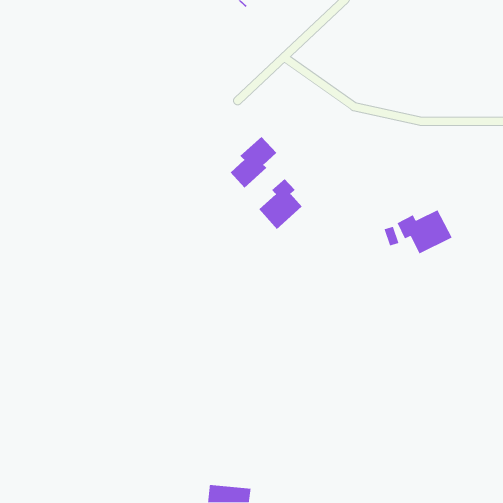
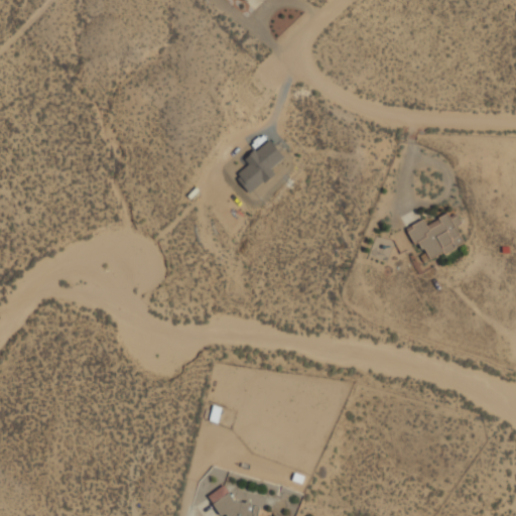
building: [259,178,303,230] -> none

